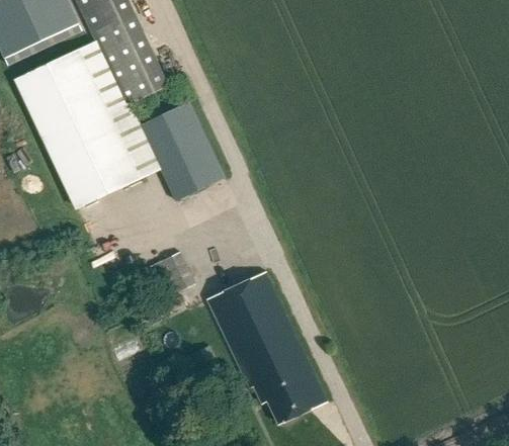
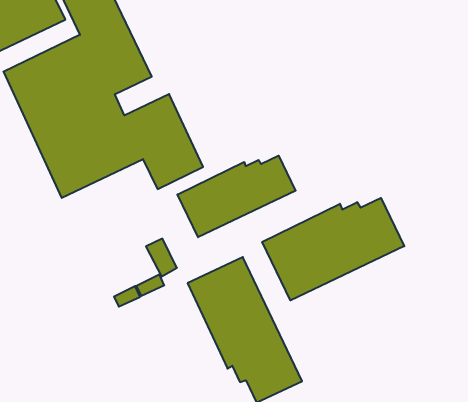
building: none -> [177,156,296,237]
building: none -> [262,198,404,300]

